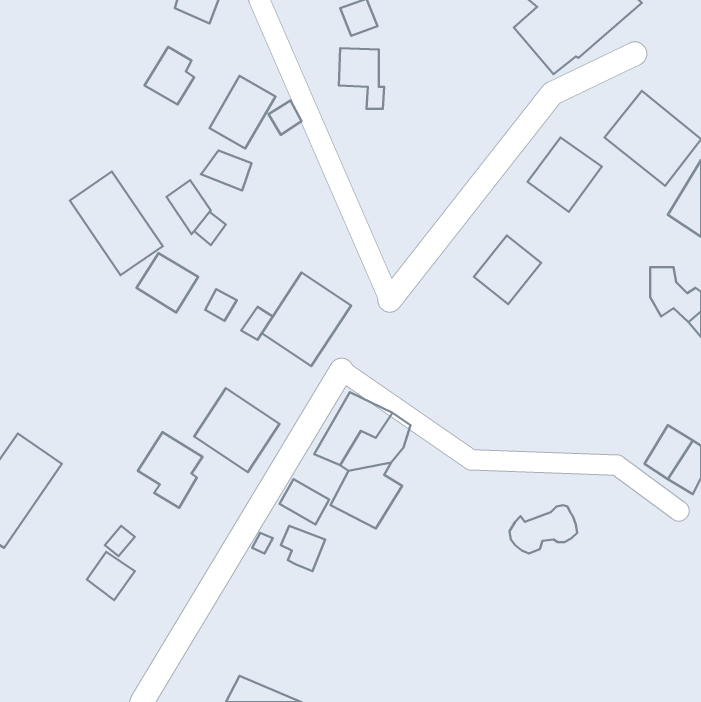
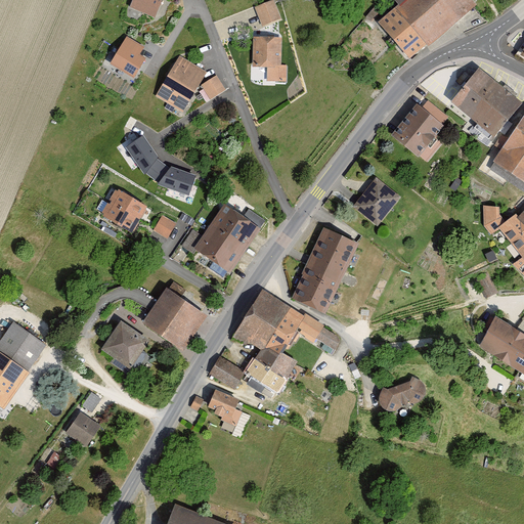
building: [201,151,252,191] -> [156,166,193,195]
building: [70,171,163,275] -> none
building: none -> [293,226,360,312]
building: none -> [300,313,342,349]

